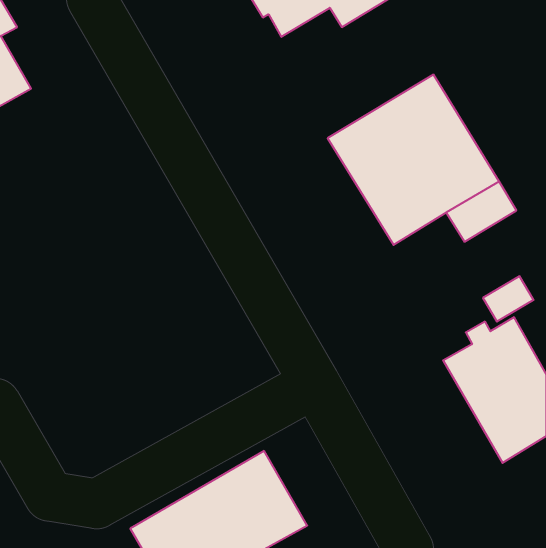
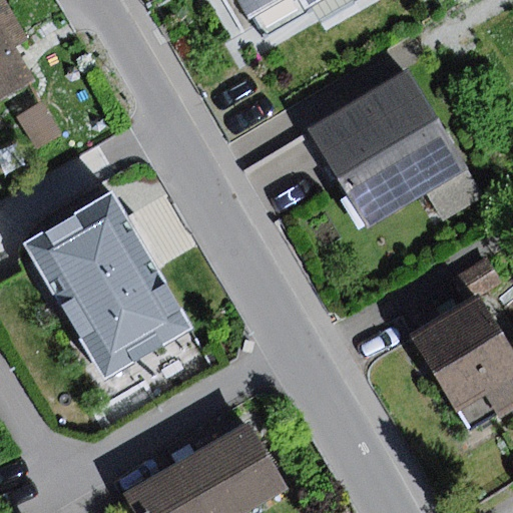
building: none -> [24,193,191,378]

